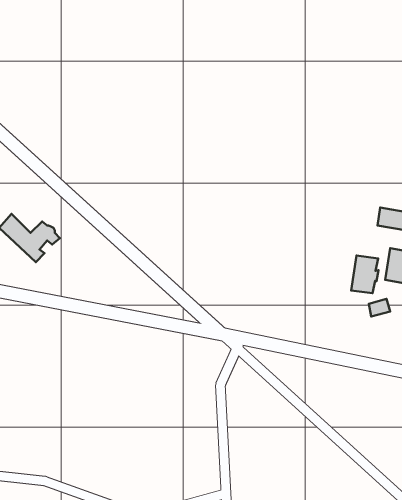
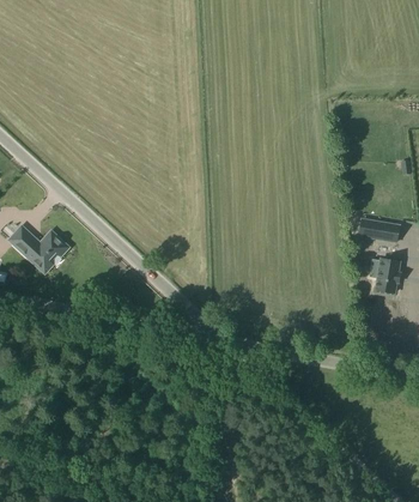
building: [351,256,379,293] -> none

